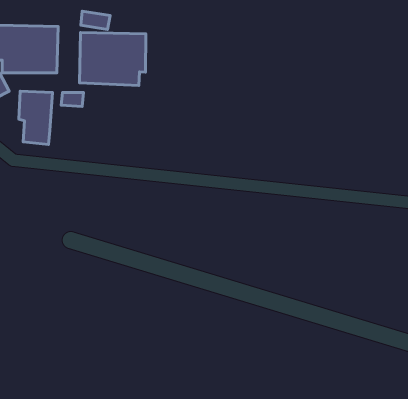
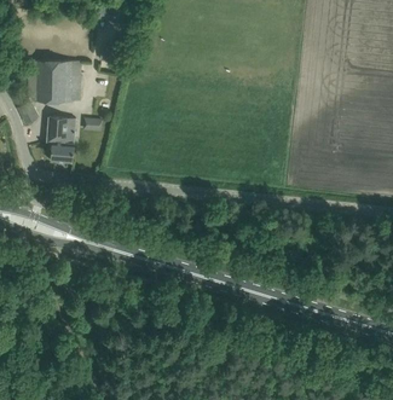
building: [80,32,146,86] -> none

